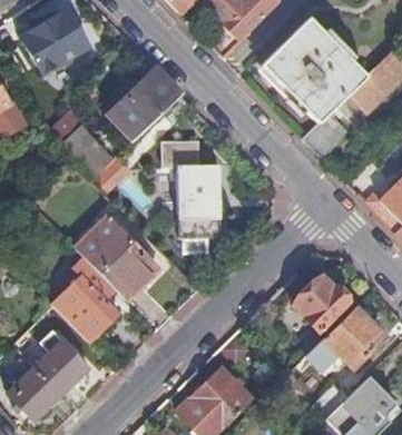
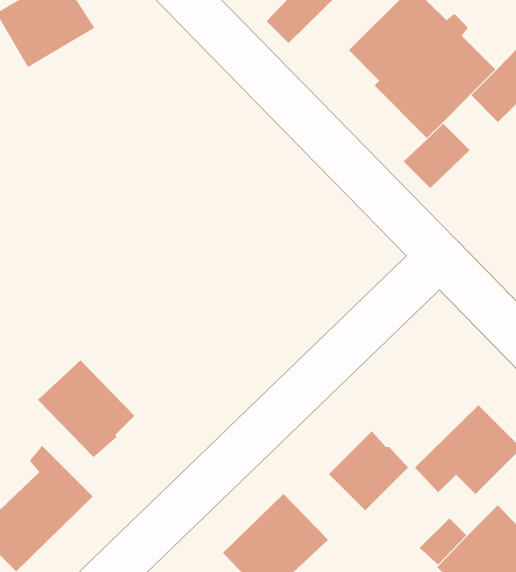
building: [108,66,183,139] -> none
building: [60,123,112,179] -> none
building: [165,141,222,237] -> none
building: [77,216,159,300] -> none
building: [293,274,349,329] -> [328,431,409,511]

